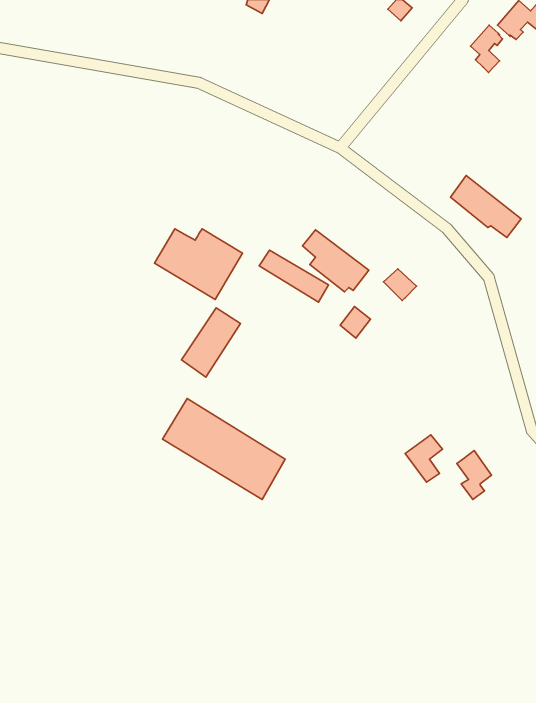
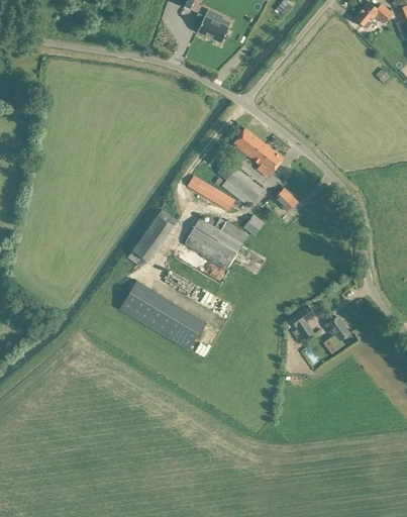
building: none -> [193,13,230,43]
building: [470,25,502,72] -> none
building: [450,175,521,237] -> [233,128,283,172]
building: [155,229,243,299] -> [186,218,247,268]

